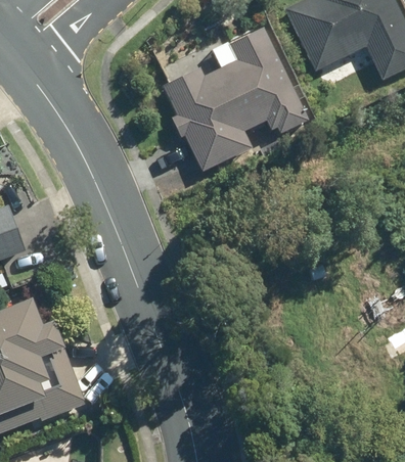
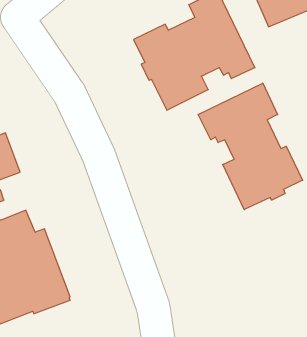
building: none -> [198,83,303,210]

